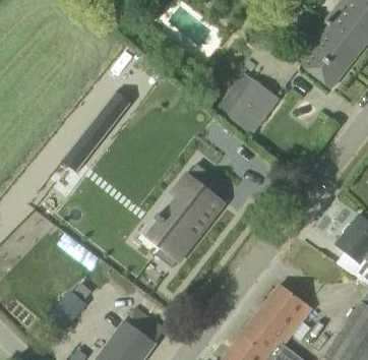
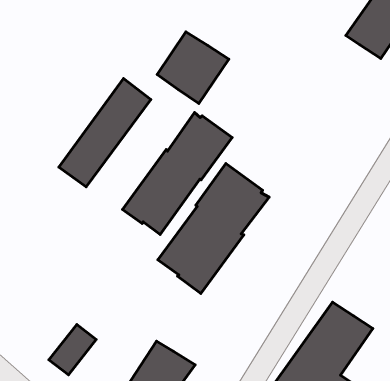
building: [218,73,277,132] -> [157,32,229,103]
building: none -> [123,113,232,234]

